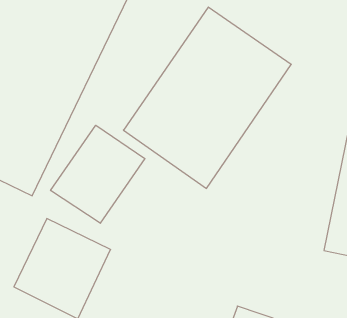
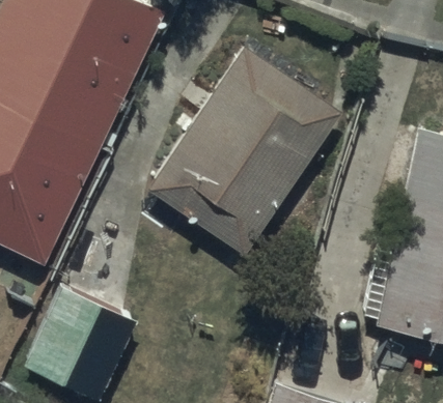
building: [51,125,145,223] -> none

